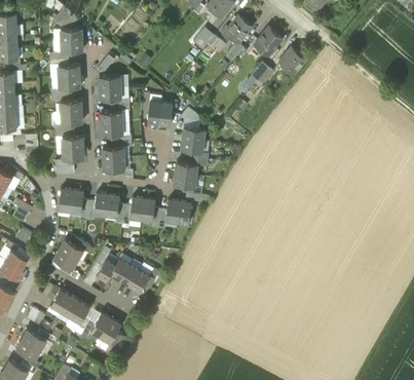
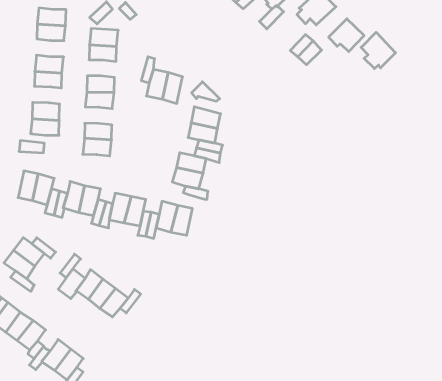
building: none -> [361,32,396,69]

